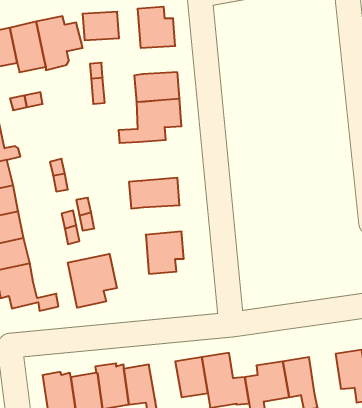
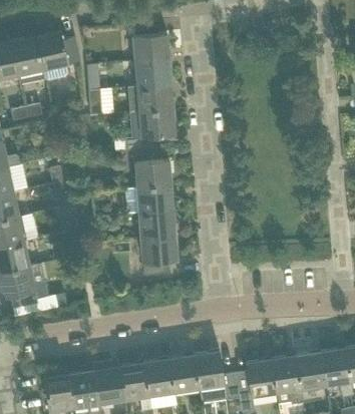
building: [82,12,119,40] -> [135,60,170,87]
building: none -> [133,149,170,188]
building: none -> [138,212,174,240]
building: [68,254,117,308] -> none
building: none -> [296,353,326,390]
building: none -> [143,360,174,397]

